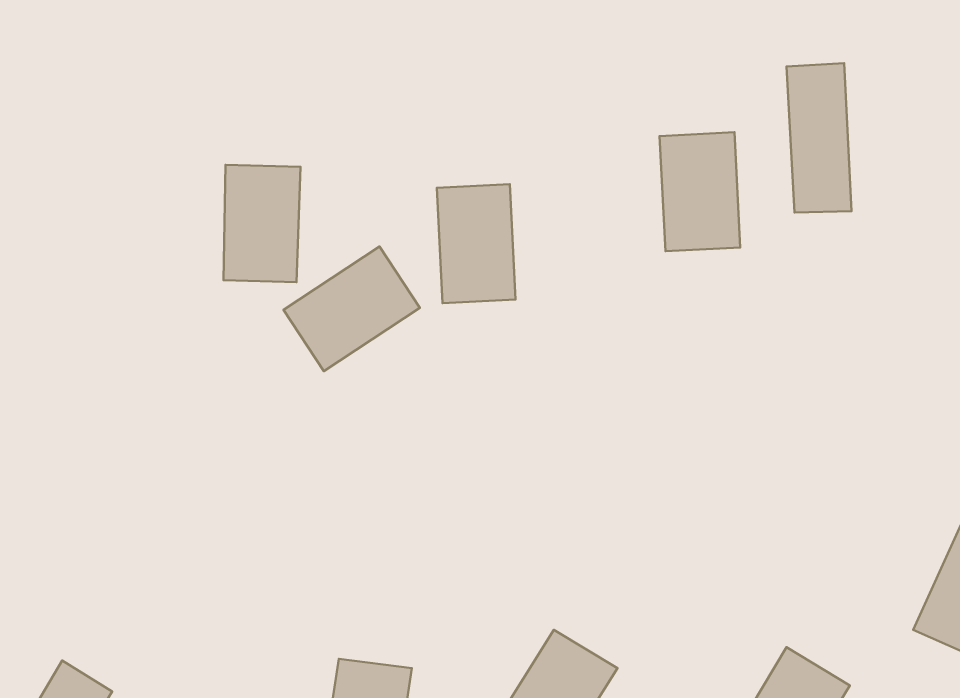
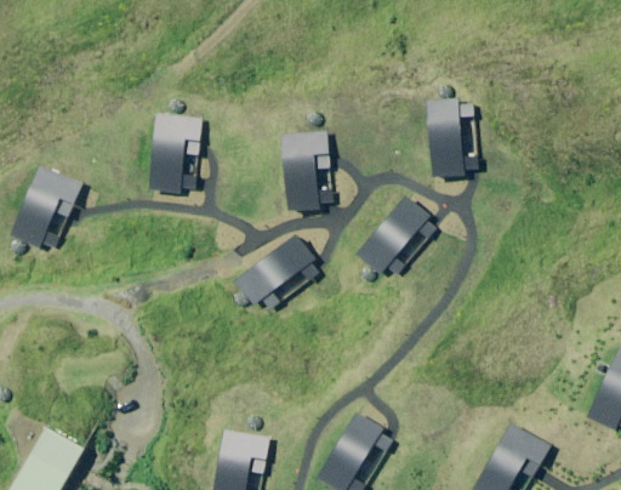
building: [787,63,852,212] -> none
building: none -> [16,167,87,253]
building: [283,246,420,371] -> [233,234,319,313]
building: none -> [363,198,445,283]

